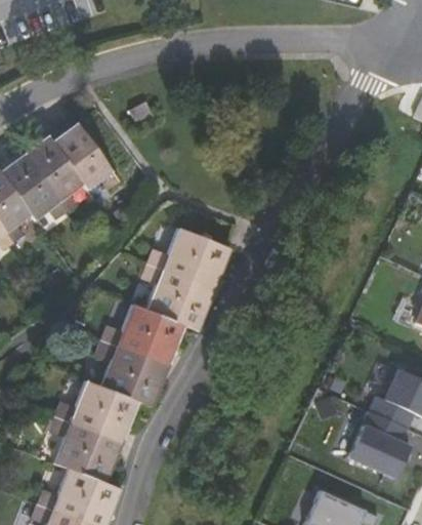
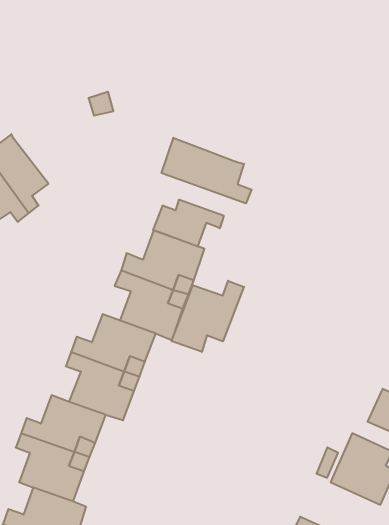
building: [49,118,118,185] -> none
building: none -> [162,138,252,203]
building: none -> [153,200,224,246]
building: none -> [172,281,244,352]

